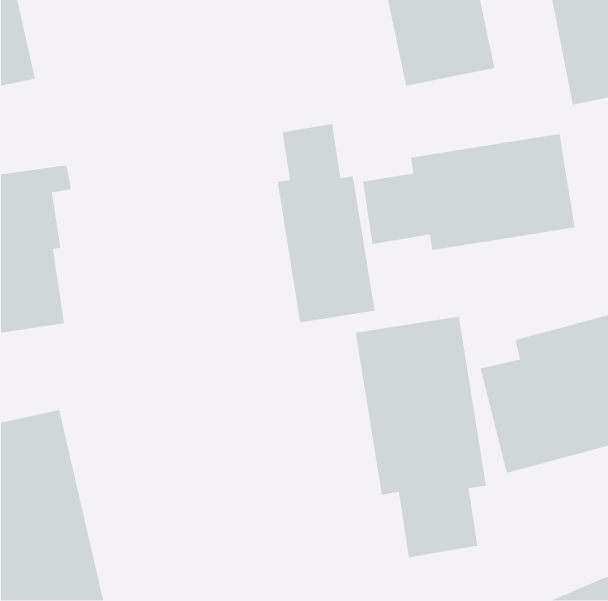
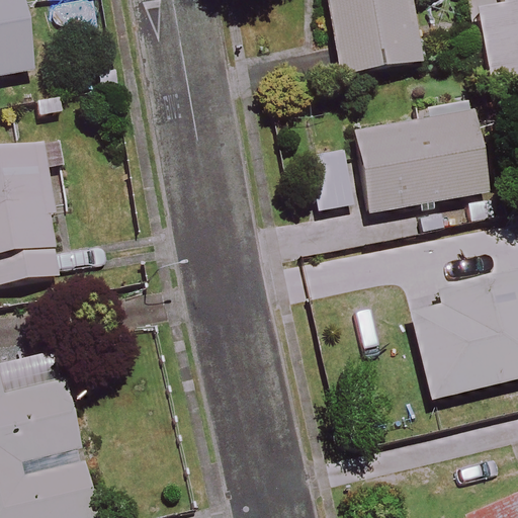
building: [277,123,376,323] -> none
building: [355,316,487,558] -> none

